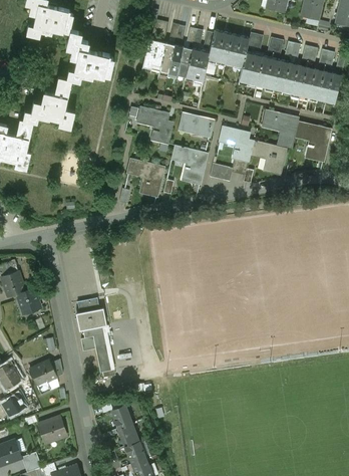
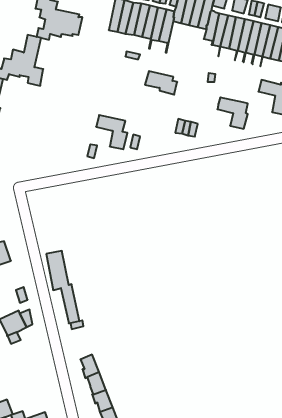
building: [138,108,172,145] -> none
building: [264,111,298,149] -> none
building: [221,128,254,163] -> none
building: [171,145,204,182] -> none
building: [38,416,66,444] -> none

